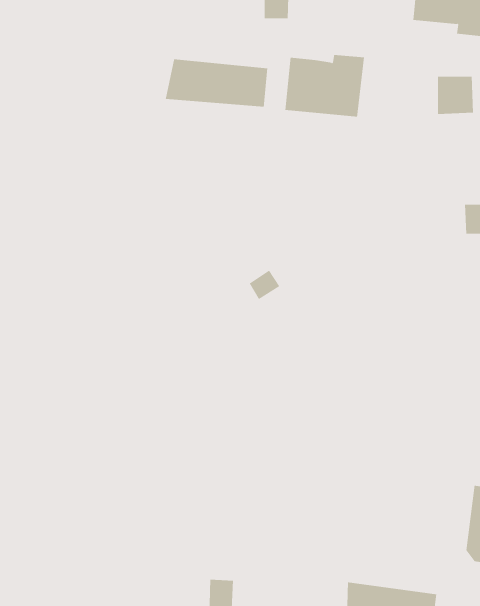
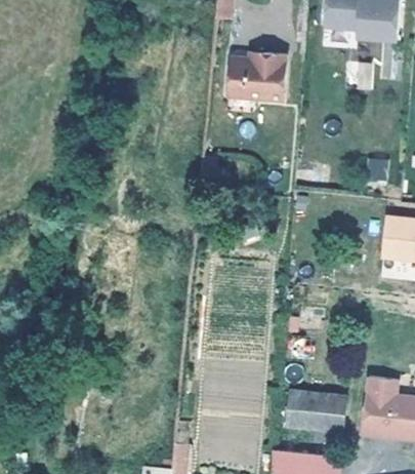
building: [165,58,268,107] -> none
building: none -> [288,391,346,431]

